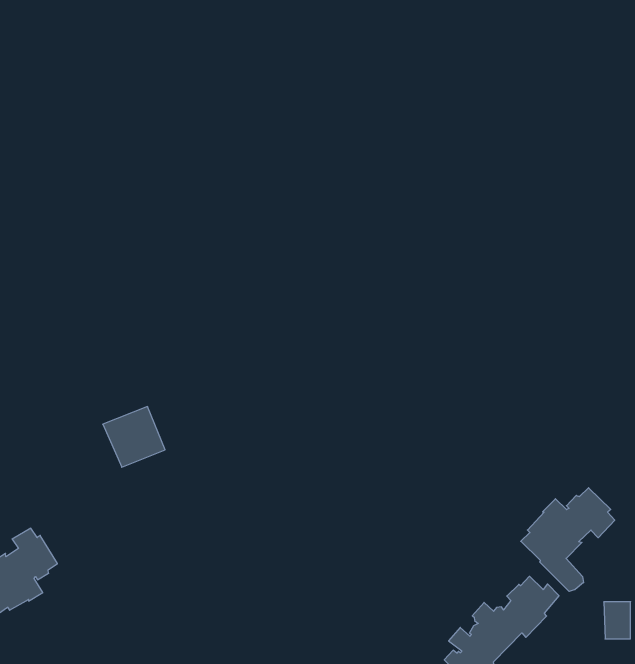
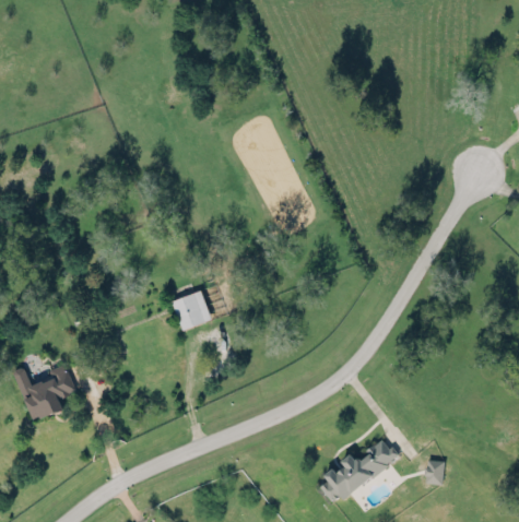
building: [103,407,165,467] -> [174,293,212,330]
building: [521,488,615,591] -> none

